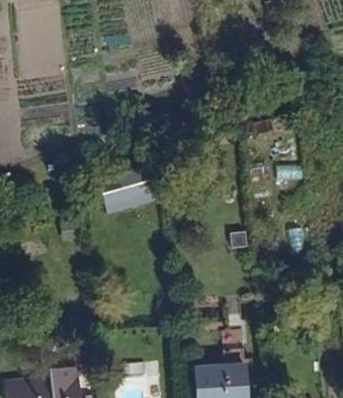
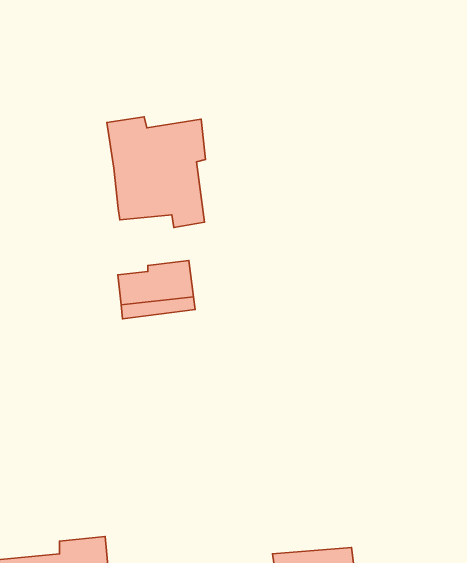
building: none -> [107,117,205,228]

